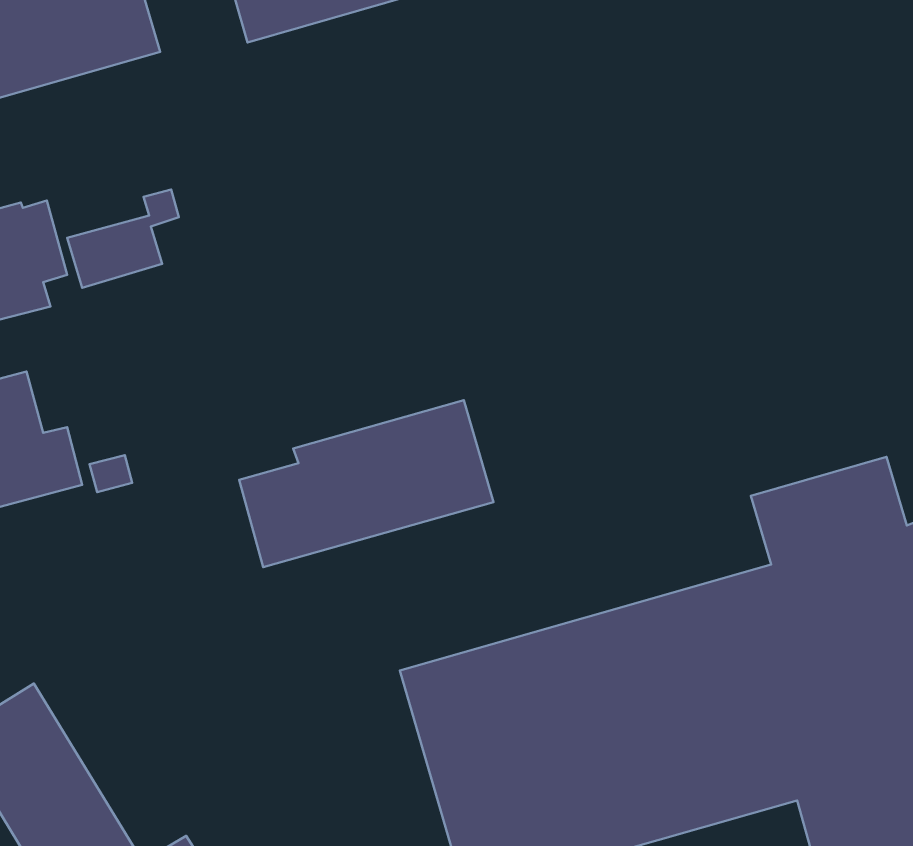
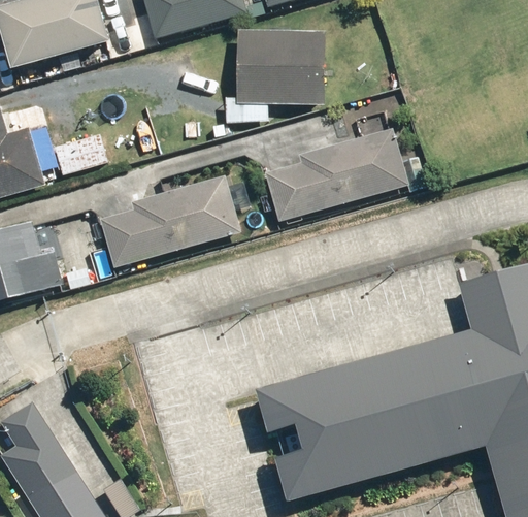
building: none -> [225,24,327,122]
building: none -> [264,127,427,221]
building: [239,400,494,567] -> [100,174,241,267]

